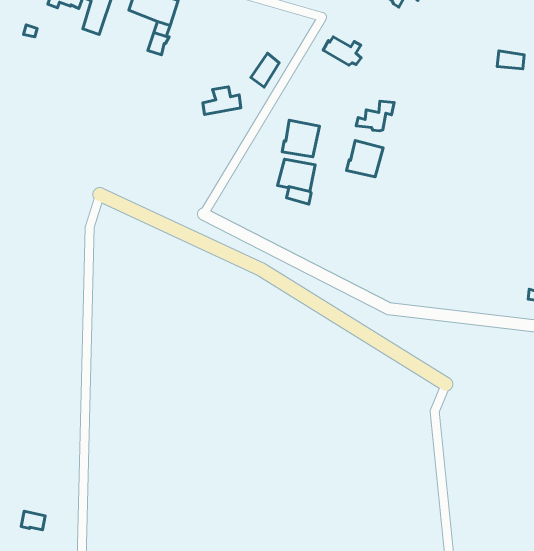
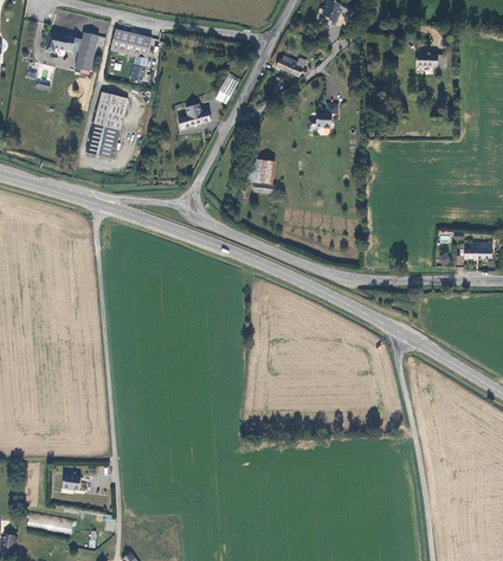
building: none -> [88,90,128,157]
building: [282,120,320,157] -> none
building: [346,140,383,177] -> none

